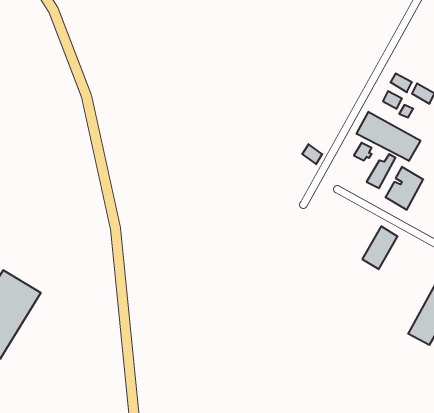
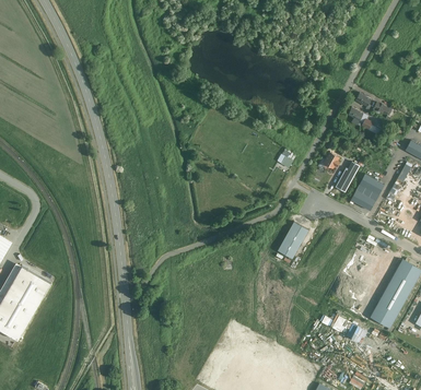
building: [357,112,420,161] -> none
building: [362,226,398,269] -> [278,221,308,258]

